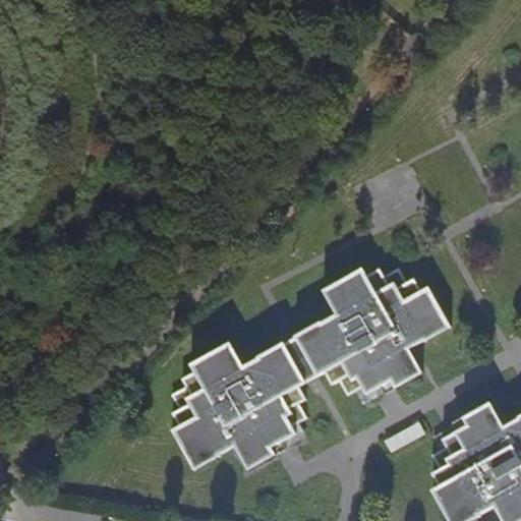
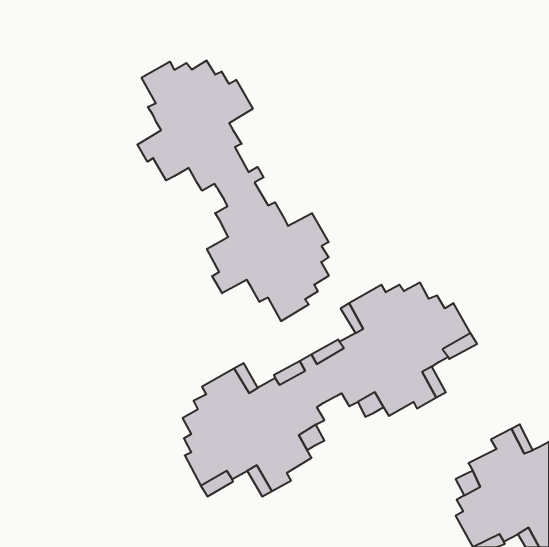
building: none -> [137,60,329,321]

